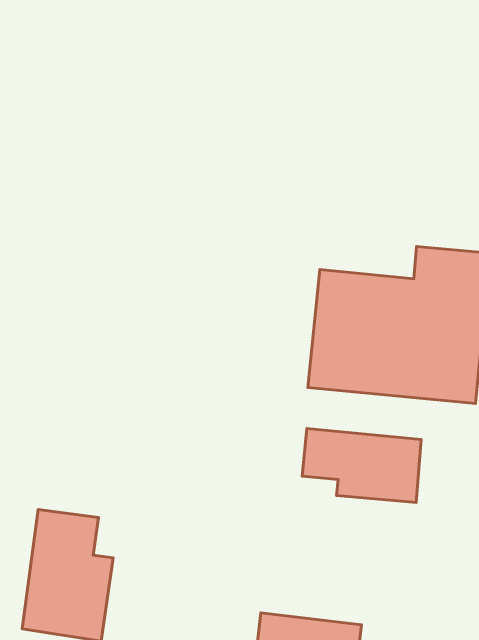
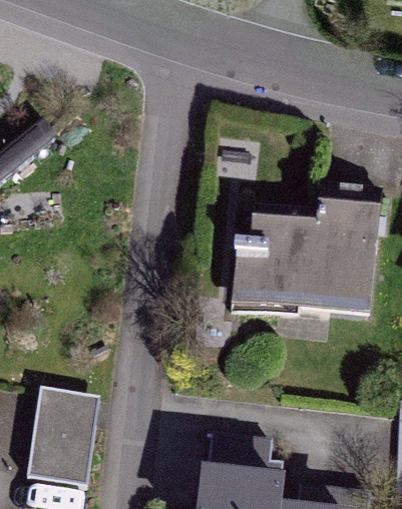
building: [302,428,421,502] -> none

